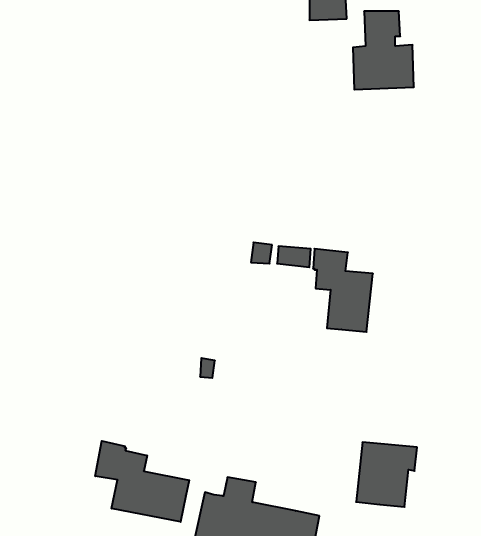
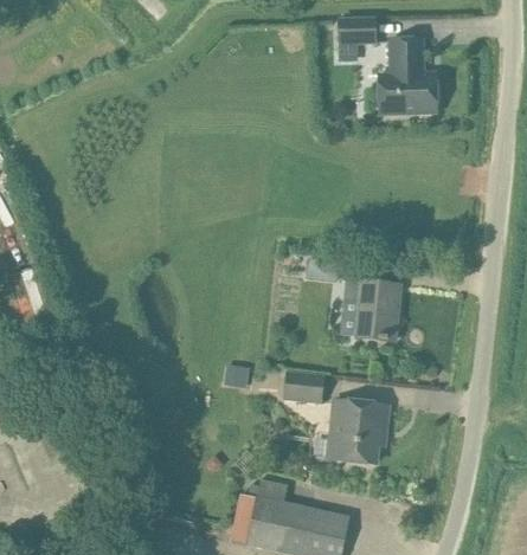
building: none -> [284,373,322,401]
building: [95,441,189,522] -> none
building: [356,442,417,507] -> [328,401,386,463]

